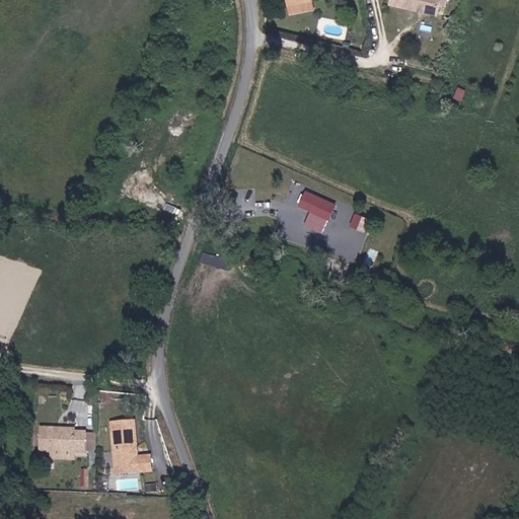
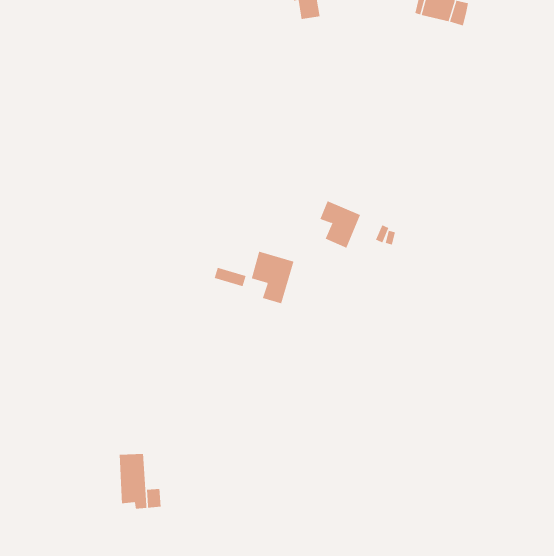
building: none -> [251,251,294,304]
building: [38,426,85,453] -> none

